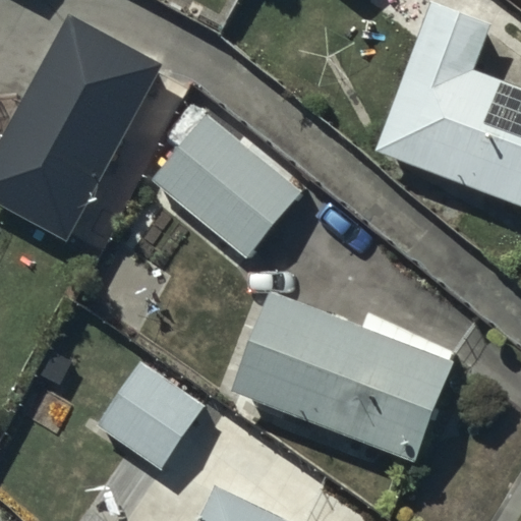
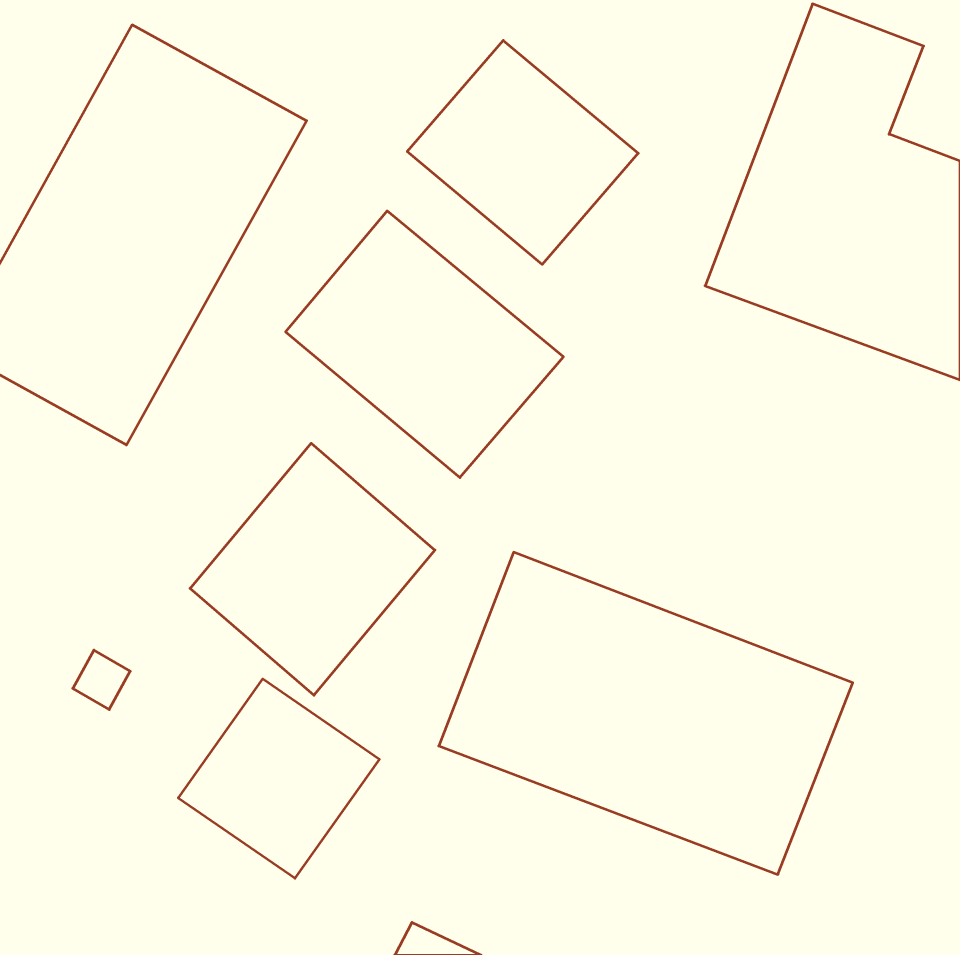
building: none -> [407,40,638,264]
building: none -> [190,443,435,695]

